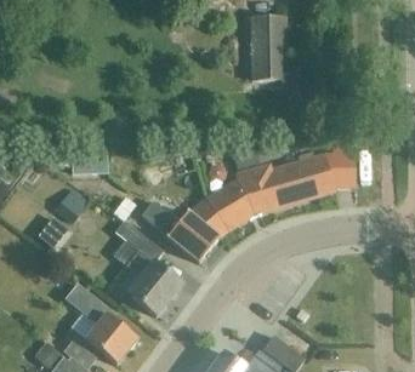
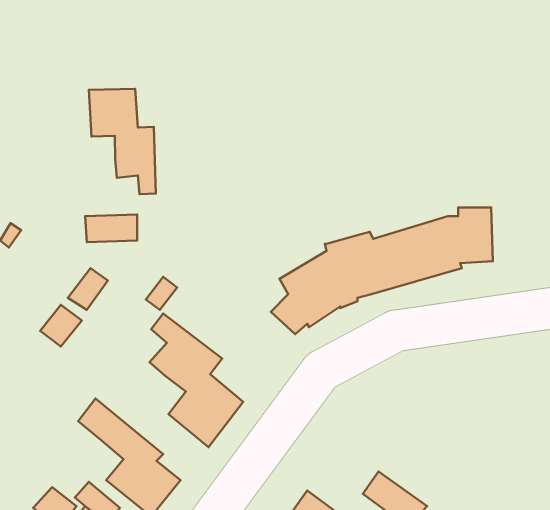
building: [249,17,286,80] -> none
building: none -> [89,89,156,194]
building: [141,199,217,262] -> none

